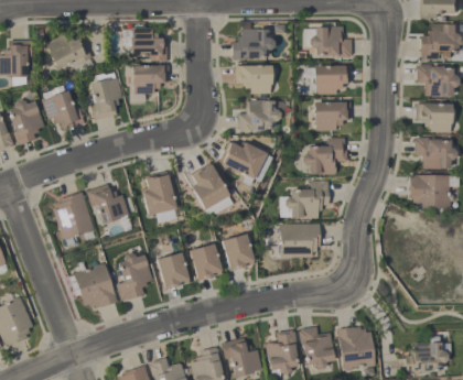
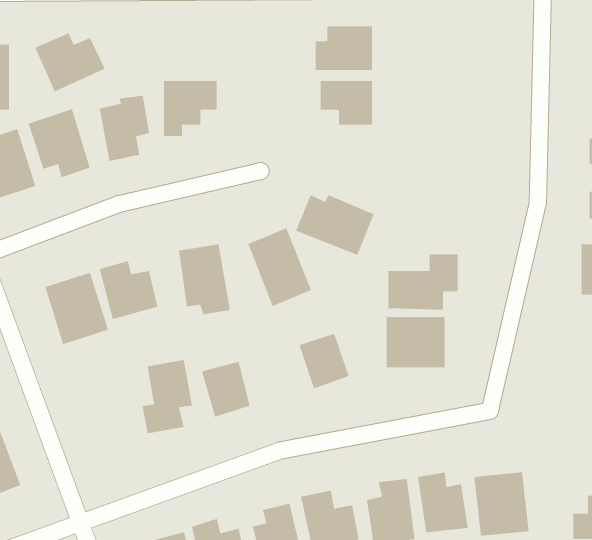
building: [304,26,352,56] -> none
building: [125,29,168,61] -> none
building: [305,65,351,94] -> none
building: [238,101,283,131] -> none
building: [315,101,351,131] -> none
building: [305,138,346,174] -> none
building: [191,245,222,280] -> none
building: [74,263,117,312] -> none

